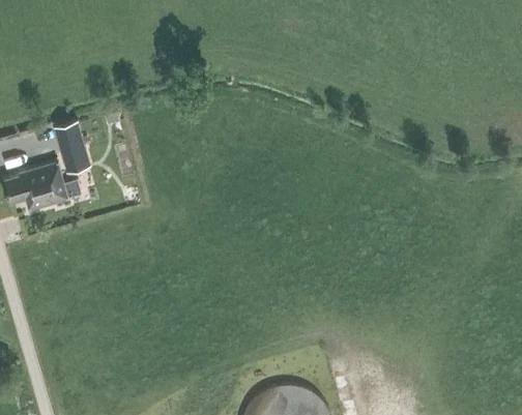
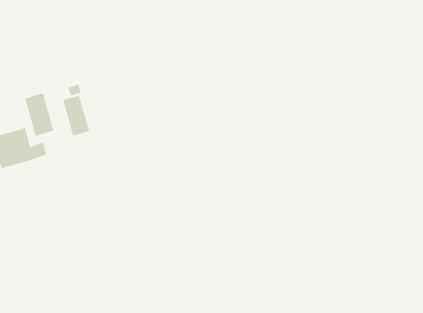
building: none -> [62,95,90,136]

